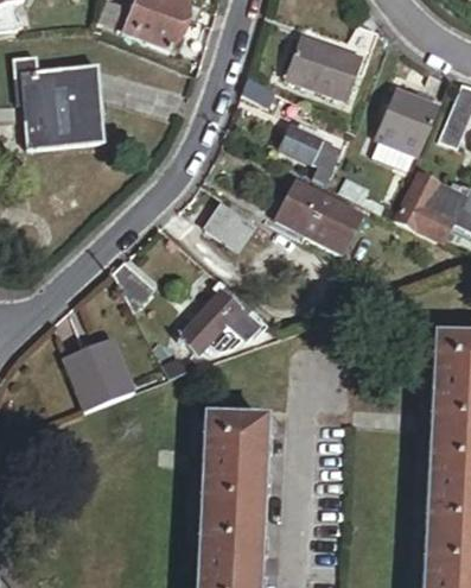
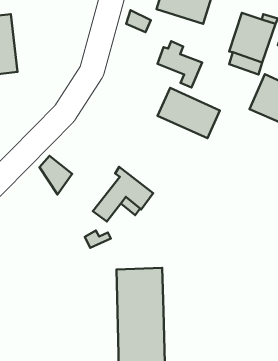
building: [208,206,256,254] -> none
building: [75,344,141,415] -> none

